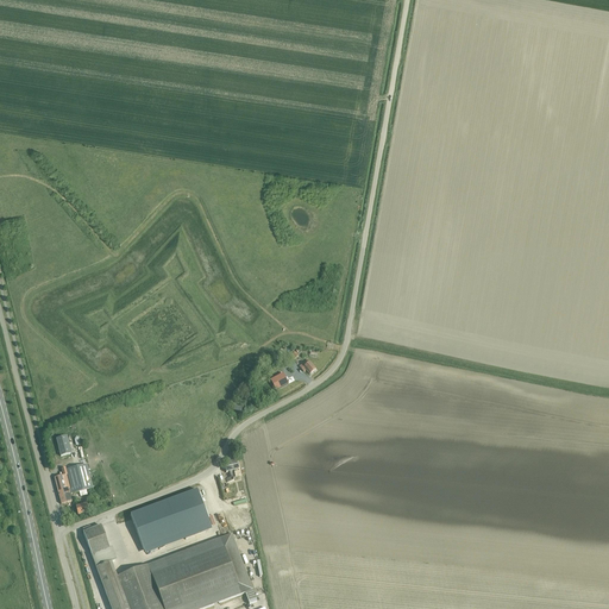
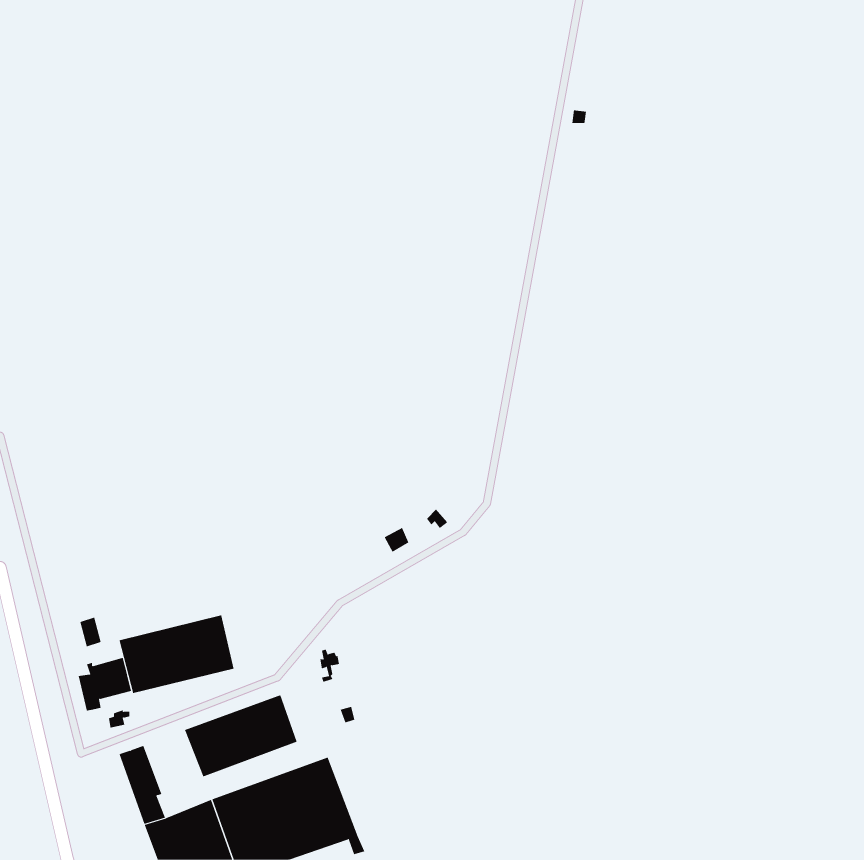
building: none -> [119,614,234,694]

